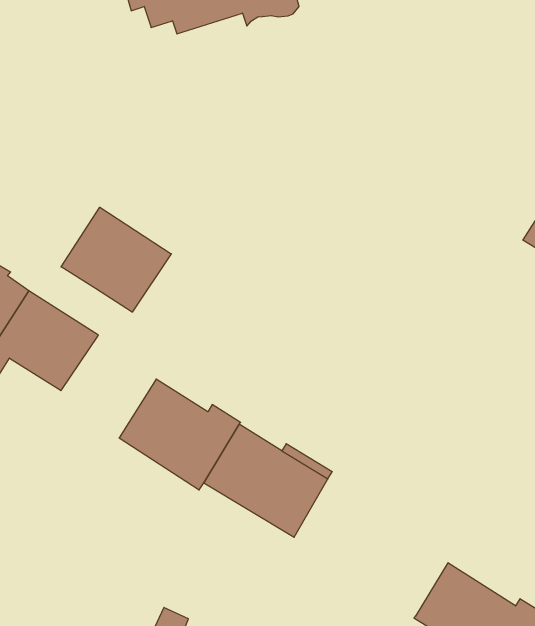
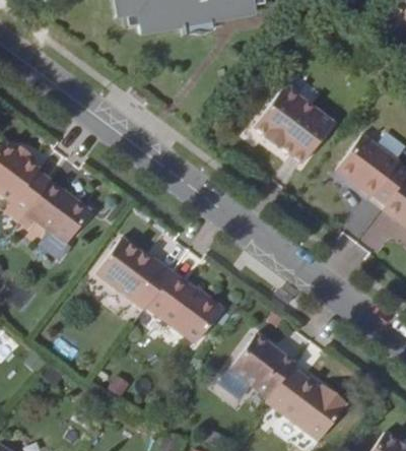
building: none -> [265,95,343,172]
building: [61,207,171,312] -> none
building: none -> [230,334,290,396]

